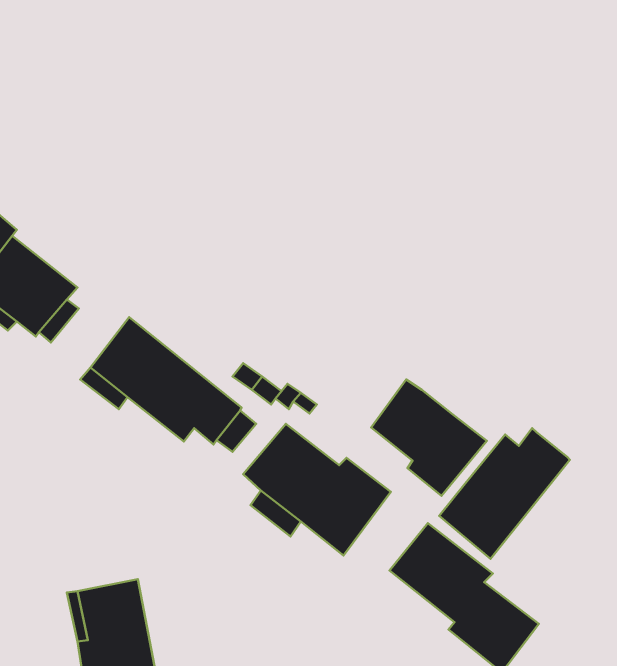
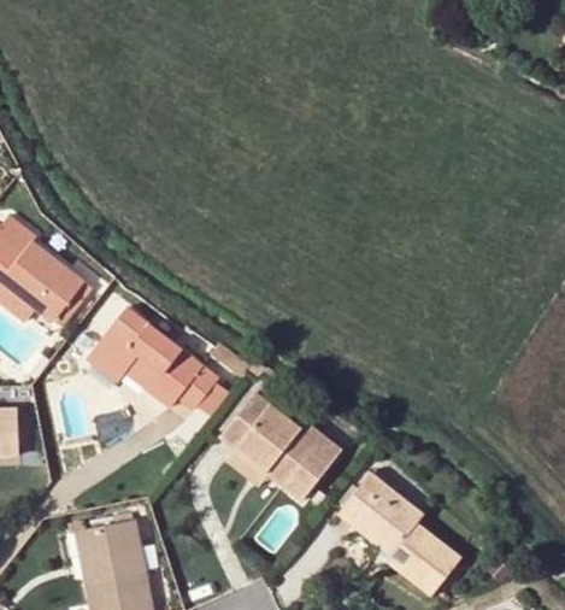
building: [371,380,487,496] -> none
building: [439,428,570,559] -> none

